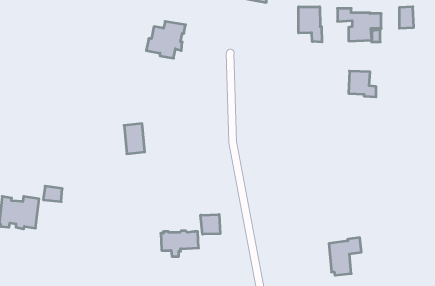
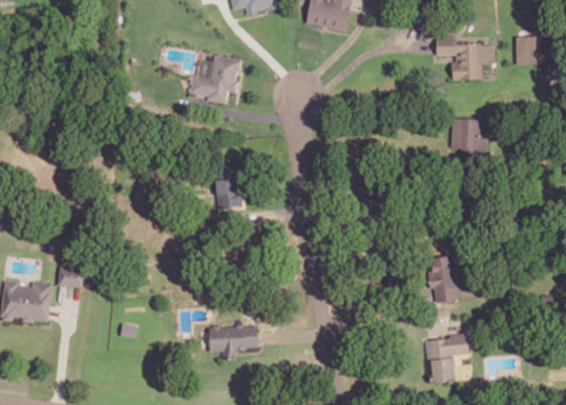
building: [299,7,322,42] -> none
building: [124,124,145,154] -> [213,168,240,207]
building: none -> [426,255,463,301]
building: [201,214,220,234] -> none

